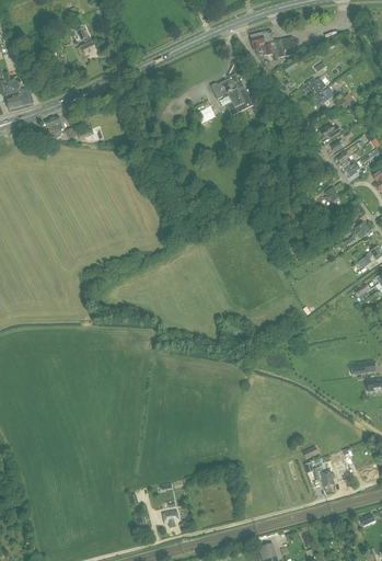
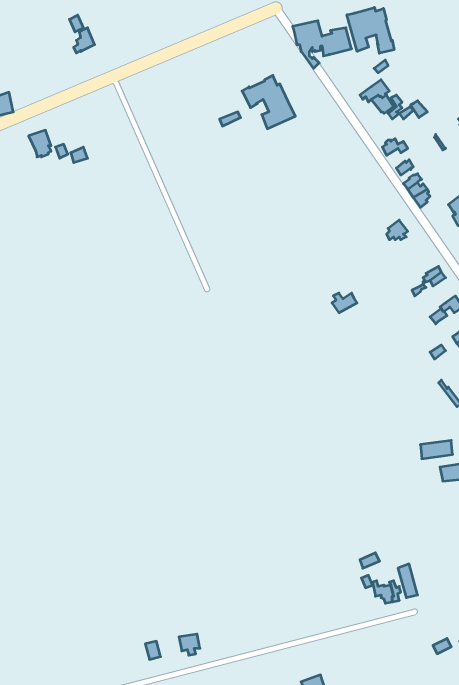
building: none -> [347,7,394,53]

